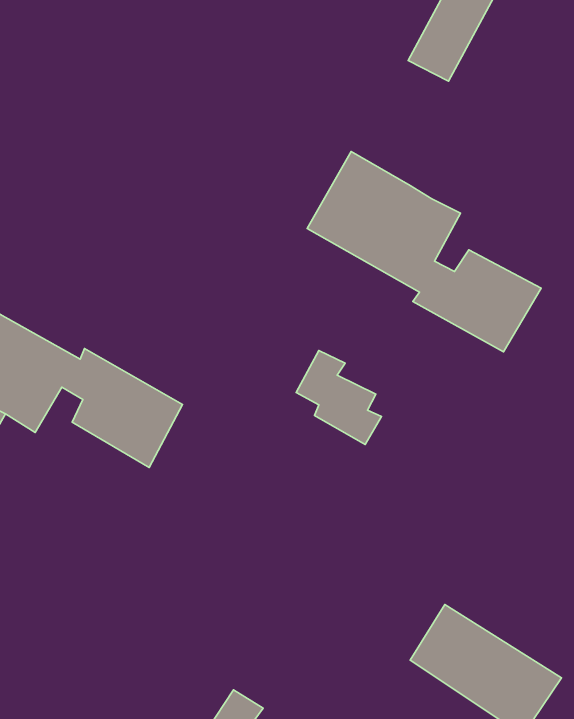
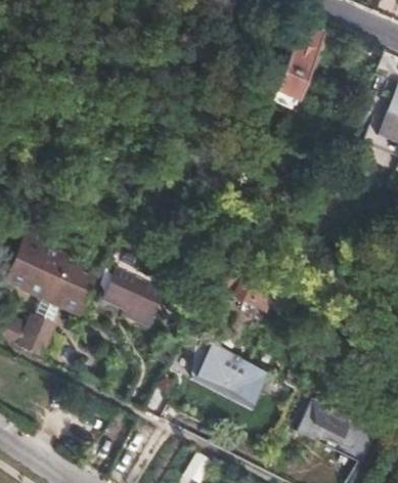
building: [307,151,541,352] -> none
building: none -> [183,330,270,405]

